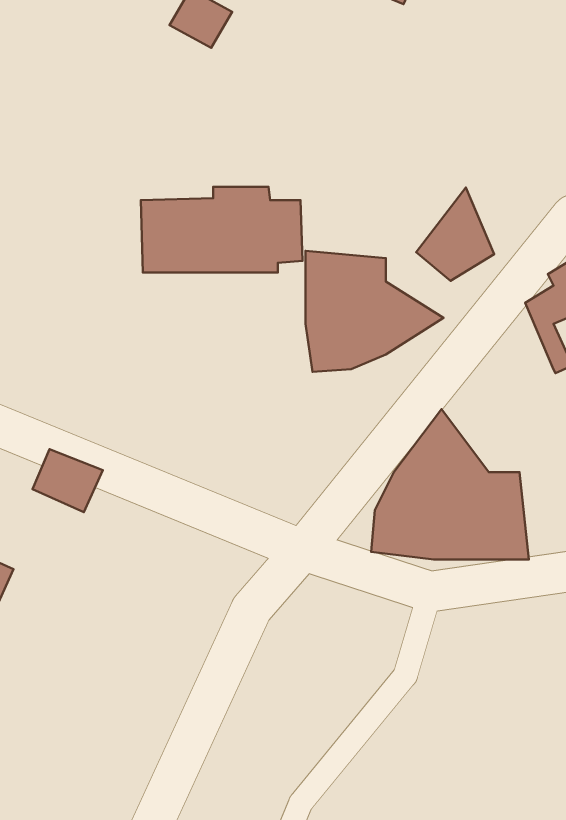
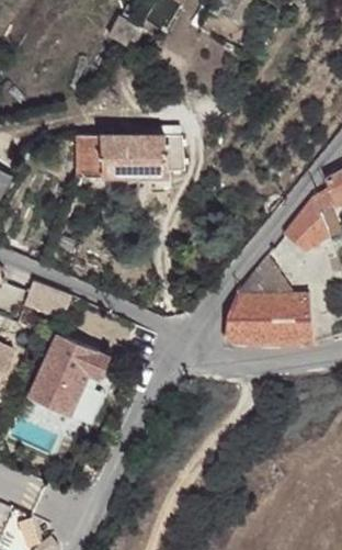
building: [416,188,494,281] -> [282,195,327,249]
building: [306,251,444,372] -> none
building: none -> [28,334,111,416]

